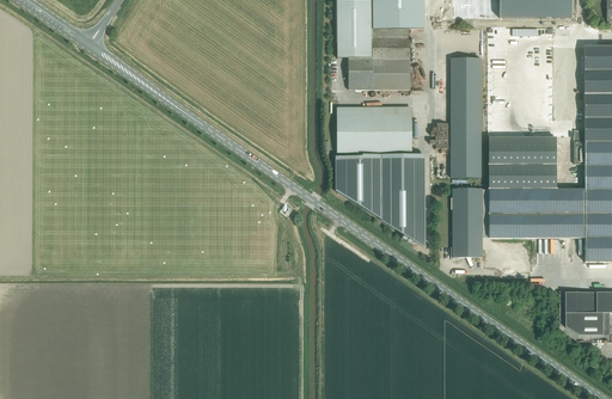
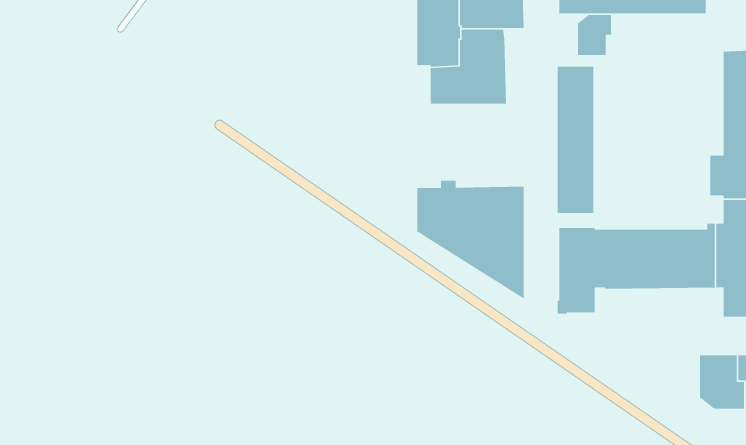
building: none -> [577,14,612,56]
building: [339,113,411,149] -> none
building: [490,136,557,189] -> none

